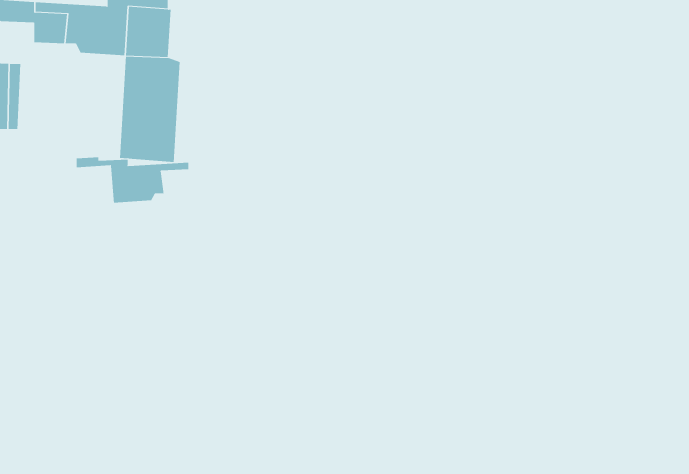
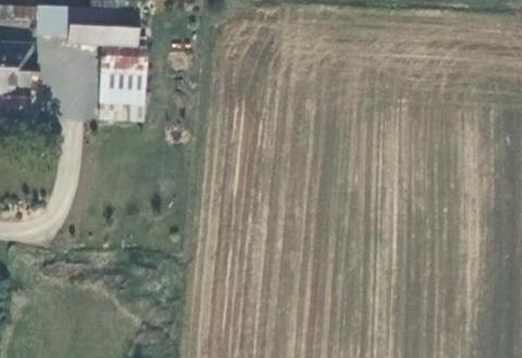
building: [76,157,189,203] -> none

